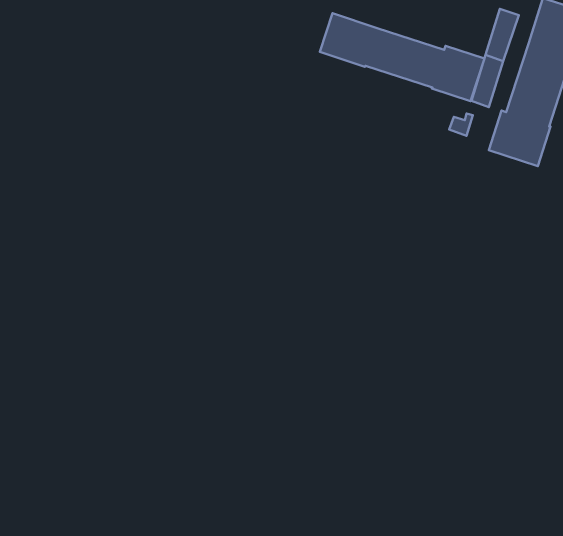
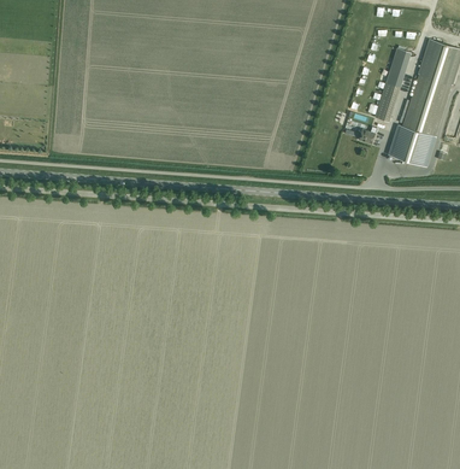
building: [320,13,485,101] -> none

